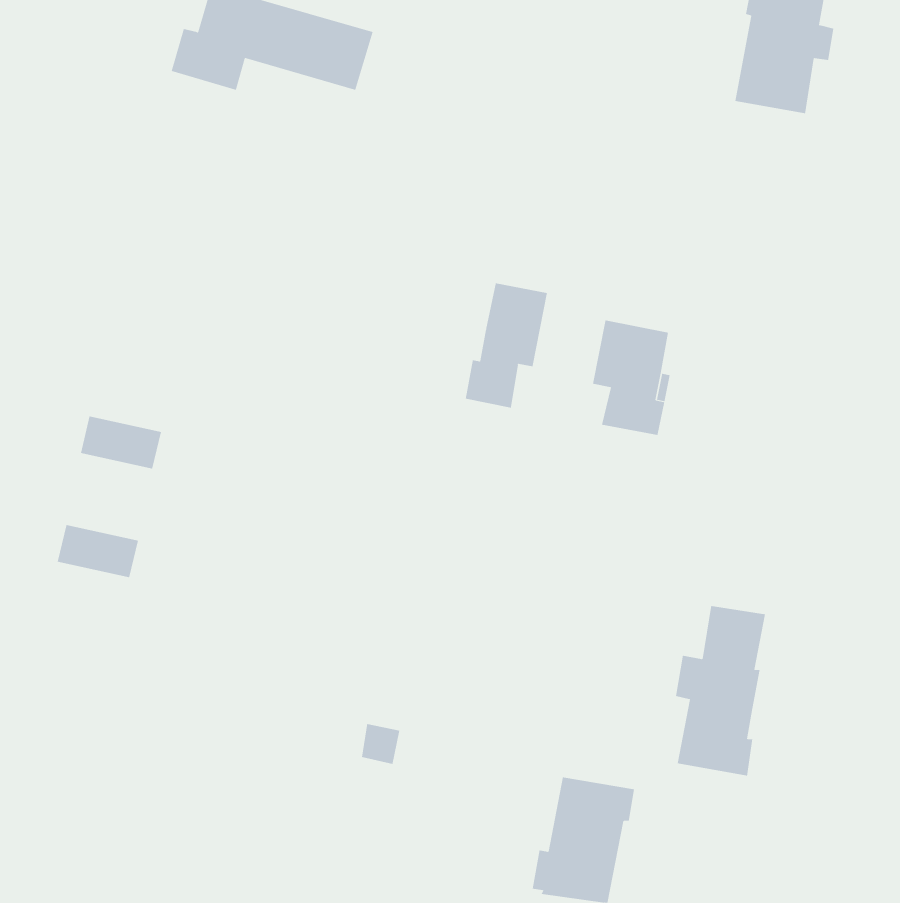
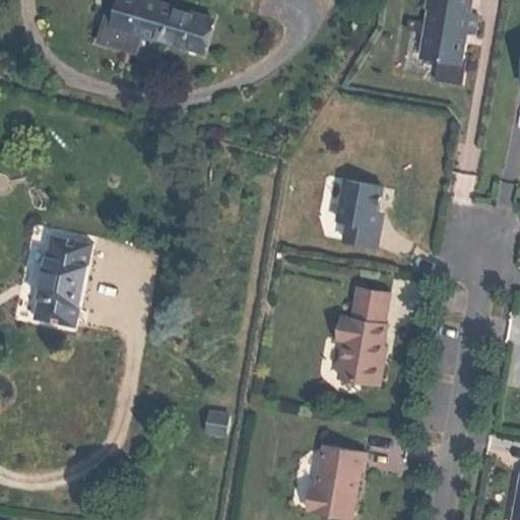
building: [465,282,547,409] -> none
building: none -> [38,259,87,309]
building: [675,605,766,776] -> [336,288,388,386]

